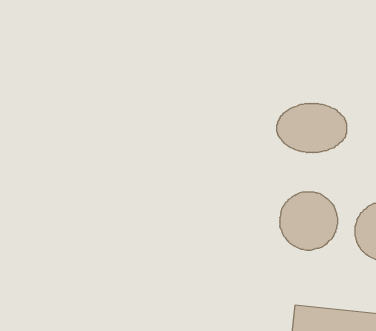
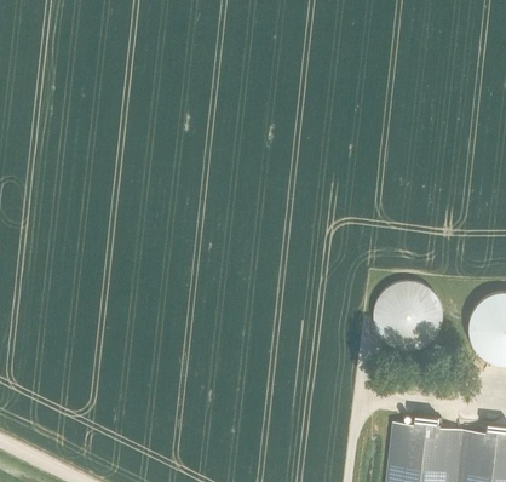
building: [277,103,347,153] -> none

